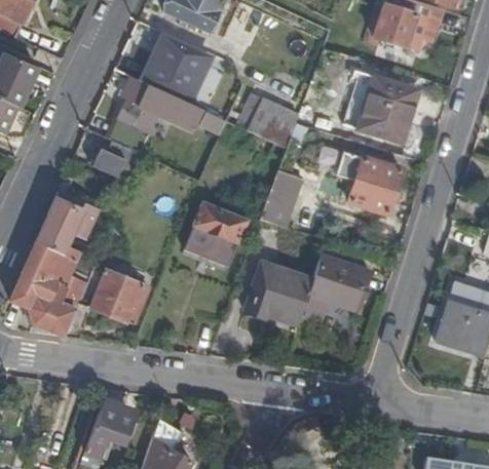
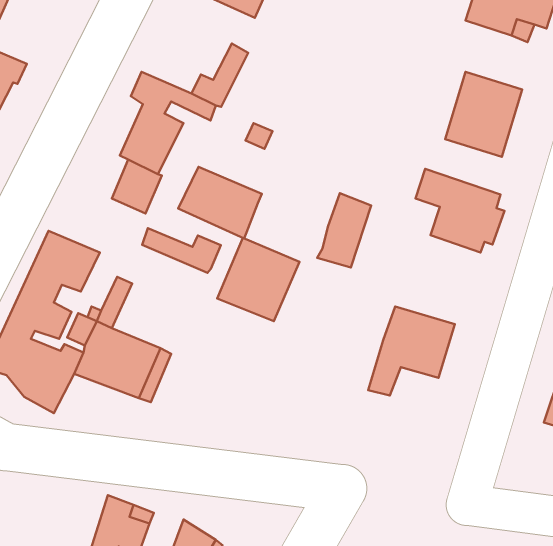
building: [144,39,196,91] -> none
building: [236,93,300,148] -> [178,167,262,238]
building: none -> [142,228,221,273]
building: [246,264,311,323] -> none

